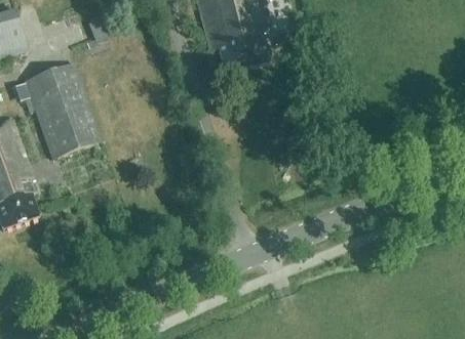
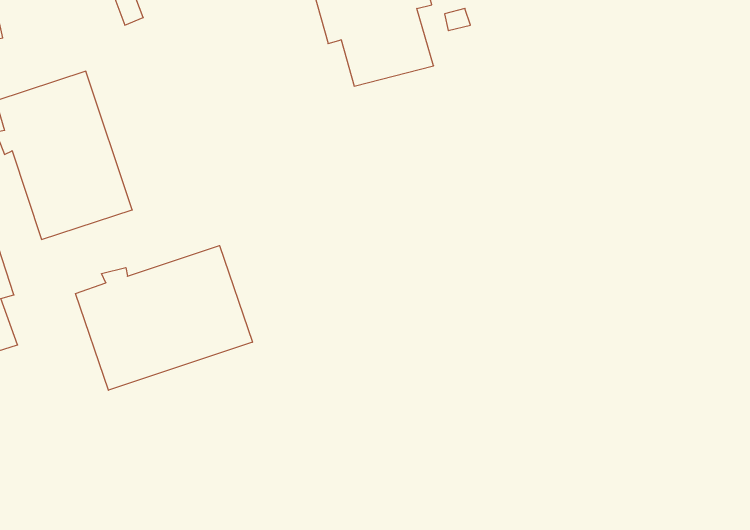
building: none -> [76,246,252,390]

